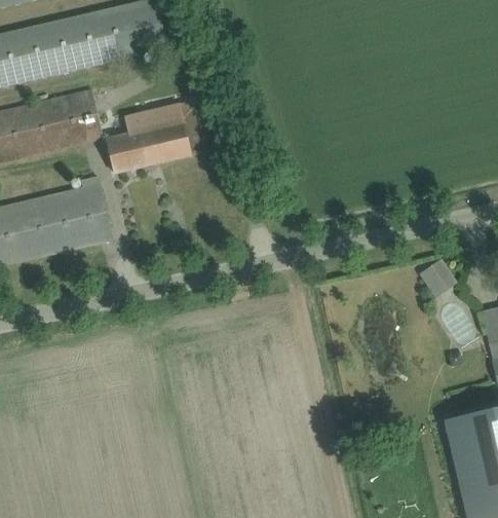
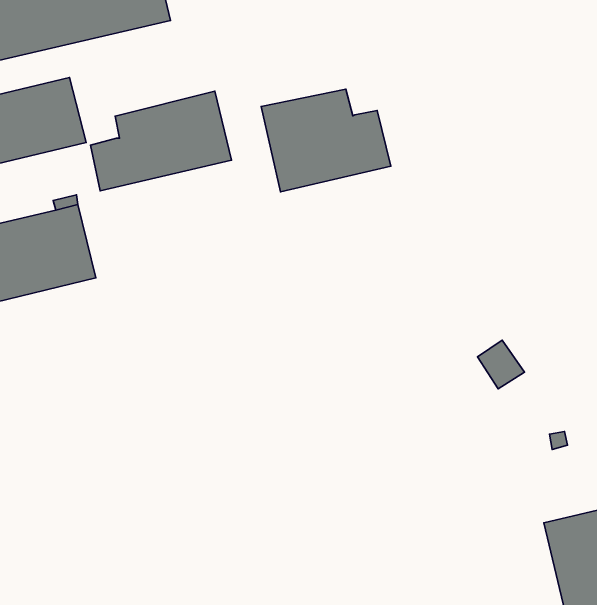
building: none -> [261,89,391,192]
building: [420,258,455,294] -> [477,340,524,389]

